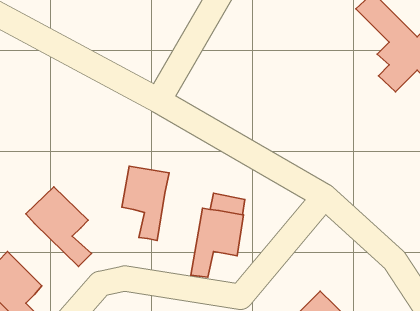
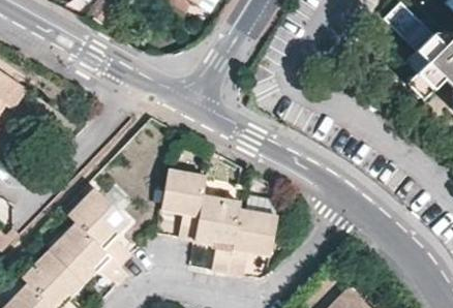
building: none -> [194,194,239,273]
building: none -> [51,223,127,284]

